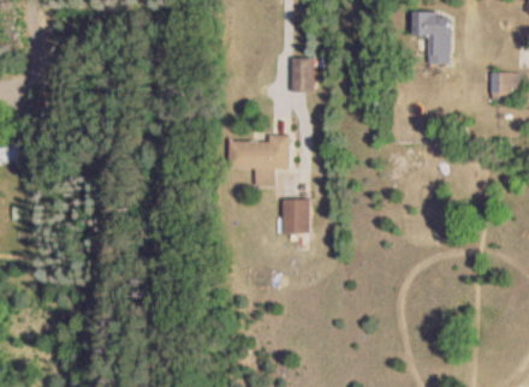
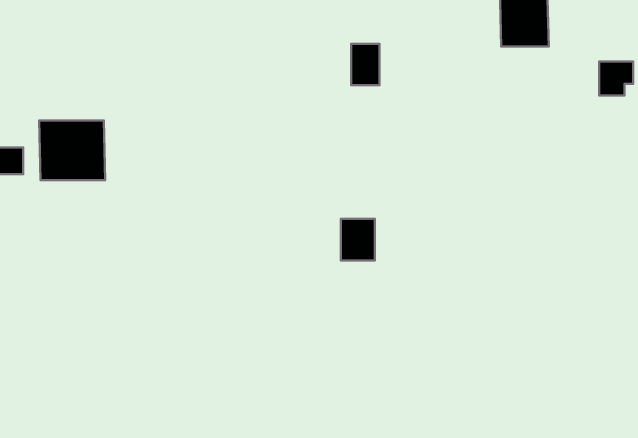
building: none -> [39,121,105,180]
building: [230,135,289,185] -> none

